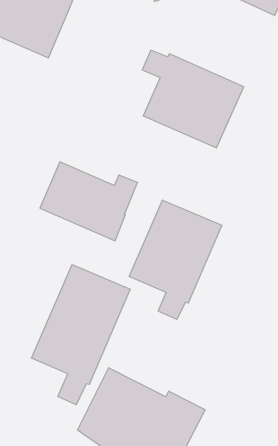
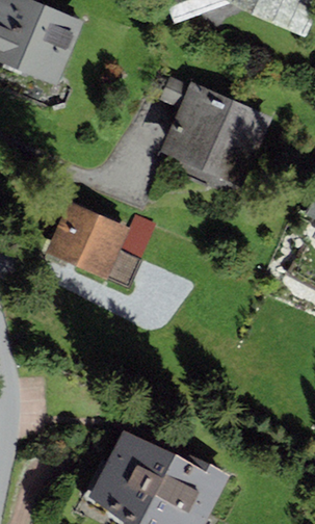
building: [129,200,222,319] -> none
building: [32,265,130,405] -> none

